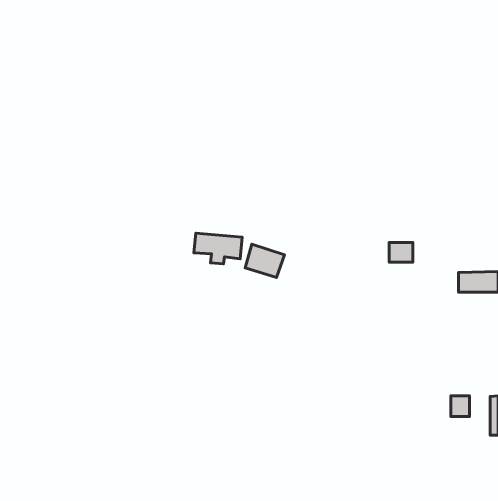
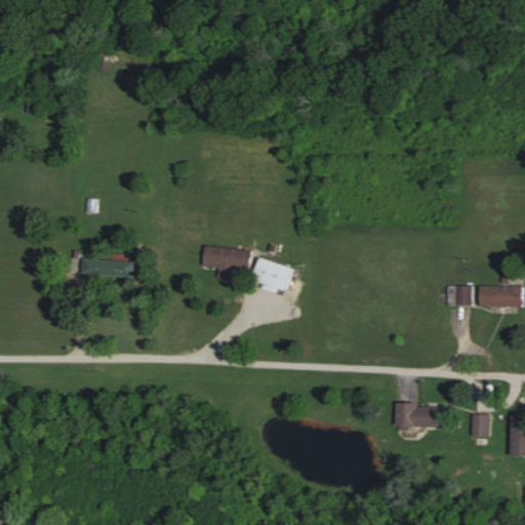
building: [389,243,413,262] -> [445,285,470,306]
building: none -> [81,258,132,277]
building: none -> [398,405,444,427]

